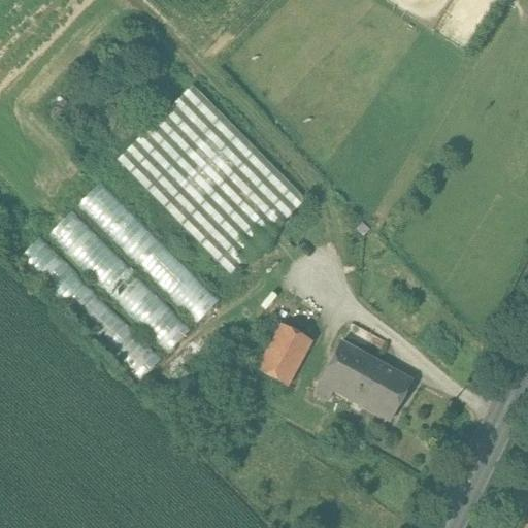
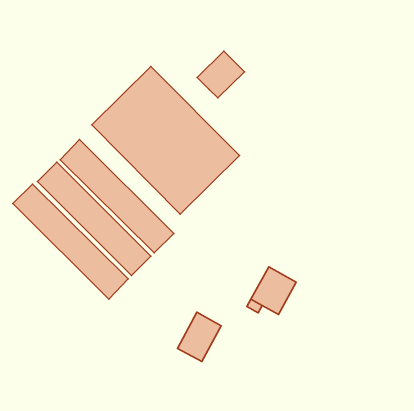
building: none -> [197,51,244,98]
building: [257,322,312,385] -> [177,312,221,362]
building: [355,359,412,419] -> none

